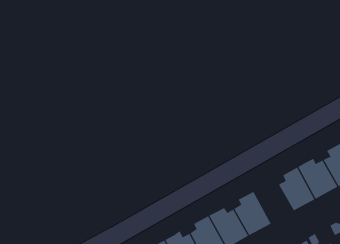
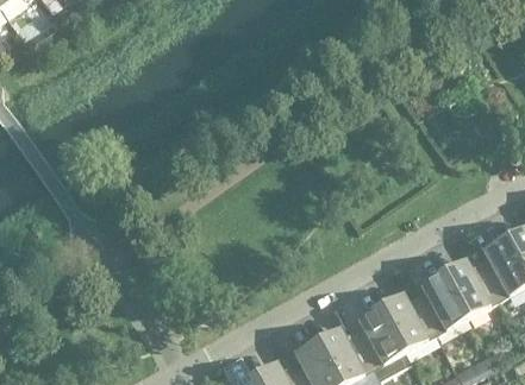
building: none -> [380,294,436,352]

